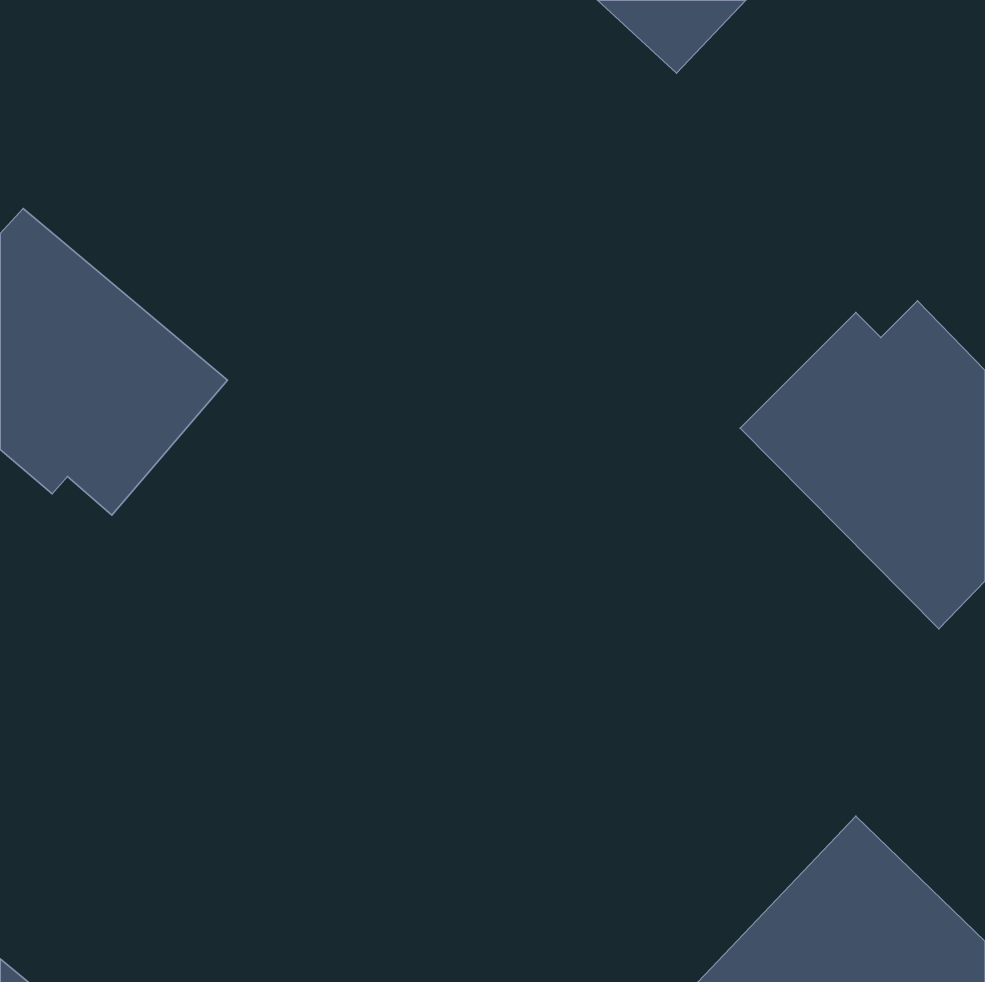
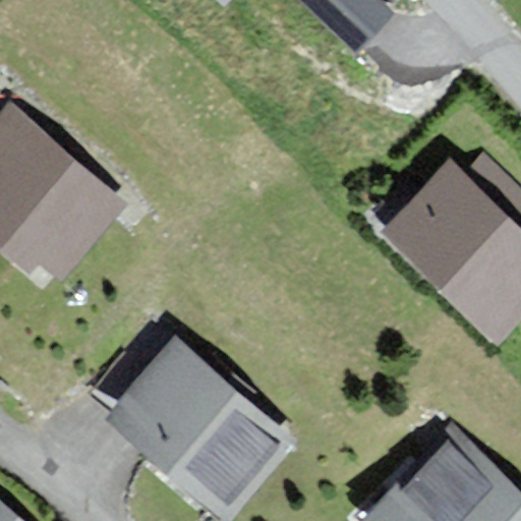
building: none -> [113,344,286,512]

